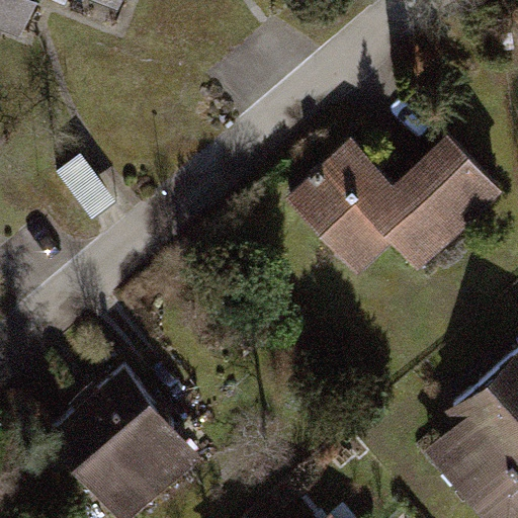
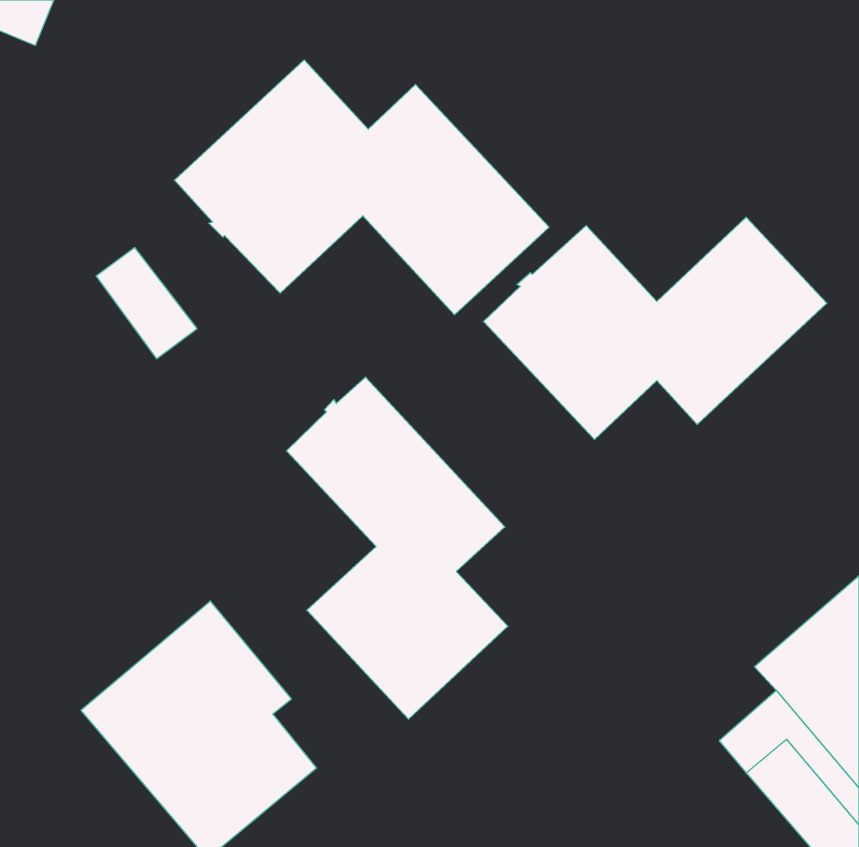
building: none -> [174,60,549,315]
building: none -> [287,377,508,719]

